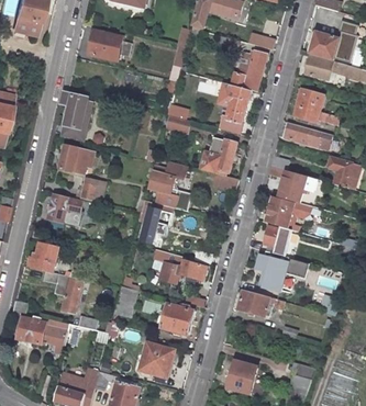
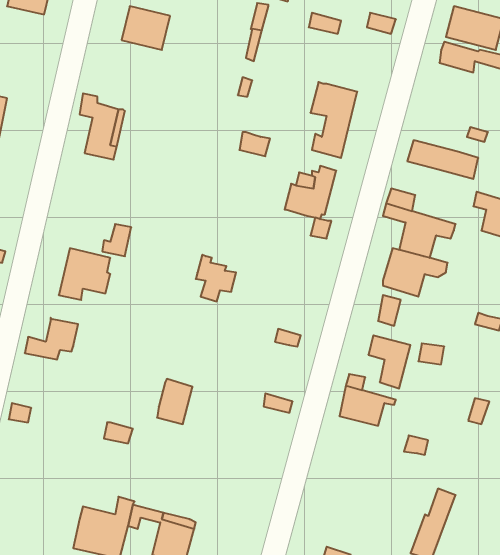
building: [230,50,266,92] -> none
building: [295,91,325,123] -> none
building: [56,147,89,176] -> none
building: [147,160,188,208] -> none
building: [160,257,206,284] -> none
building: [44,272,84,314] -> none
building: [162,305,195,335] -> none
building: [19,316,69,353] -> none
building: [138,341,174,377] -> none
building: [228,362,257,394] -> none

